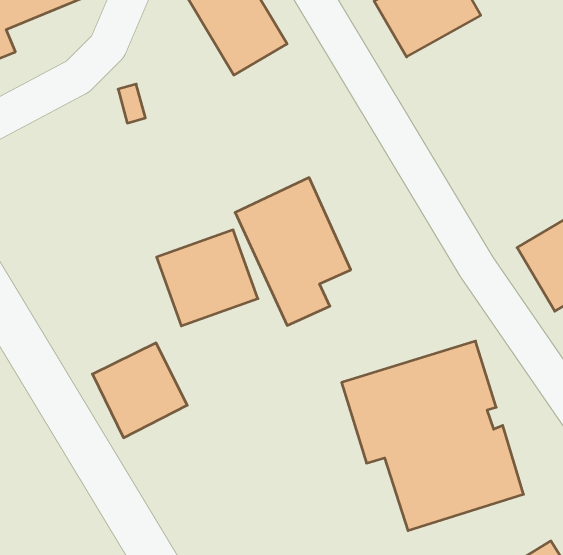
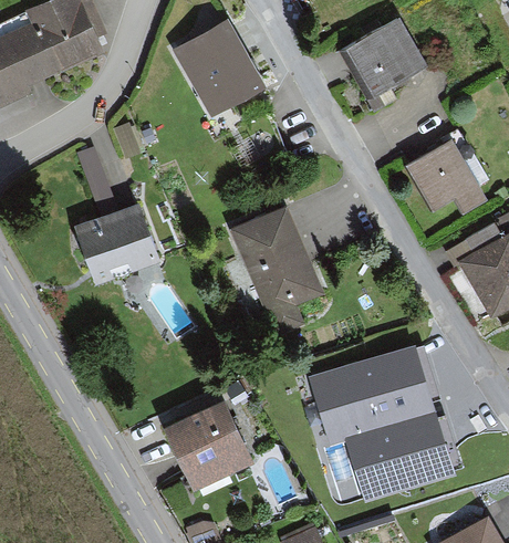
building: none -> [402,135,486,213]
building: [157,230,258,326] -> [75,200,162,282]
building: [92,343,187,438] -> [165,405,246,485]

